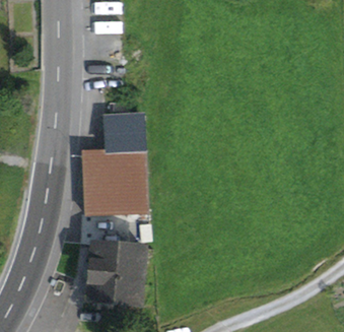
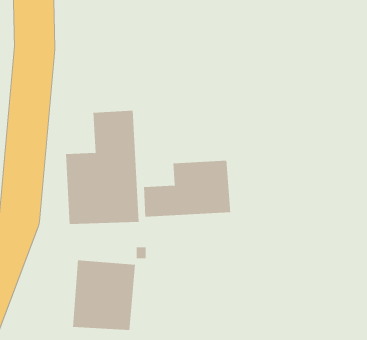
building: none -> [143,160,231,217]

